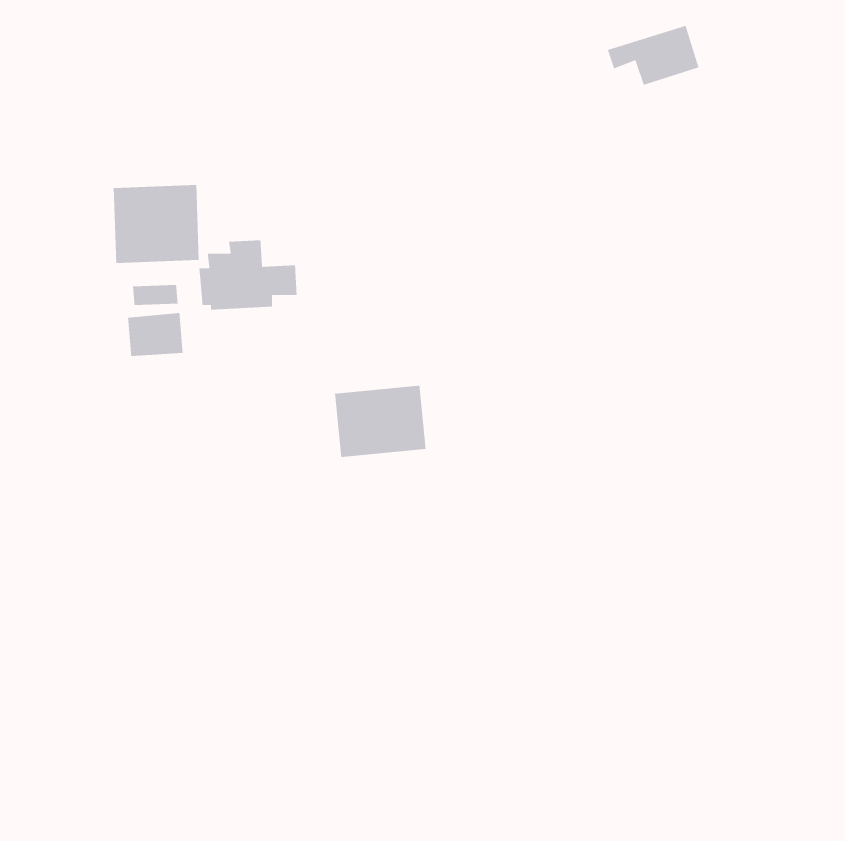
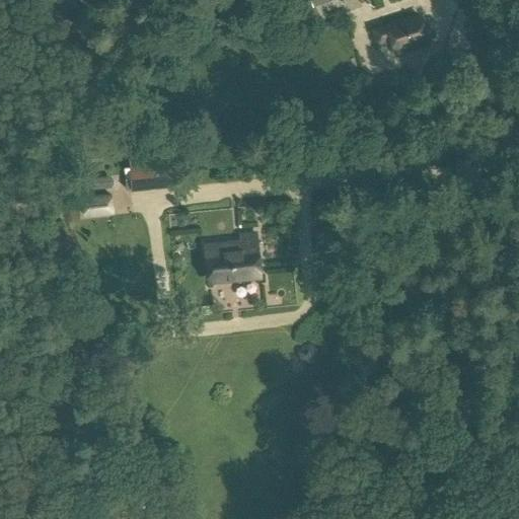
building: [113,184,200,264] -> none

